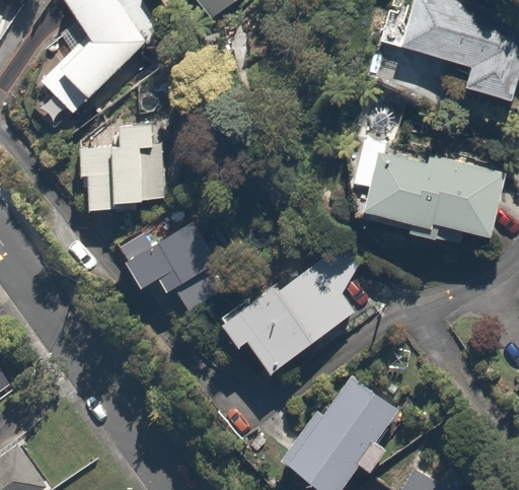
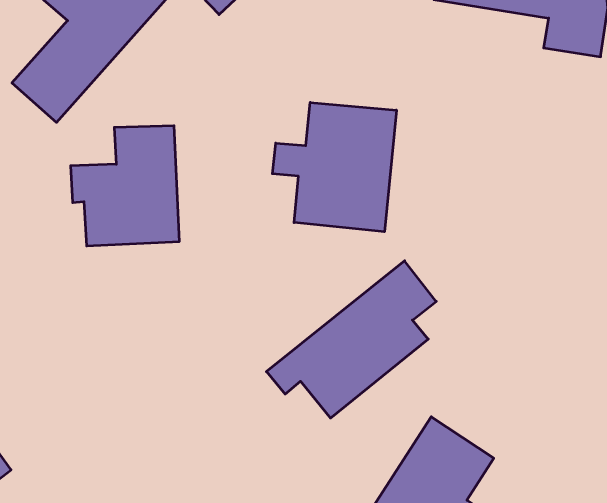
building: none -> [272,102,396,232]
building: [363,150,503,246] -> none
building: [121,206,227,307] -> none

